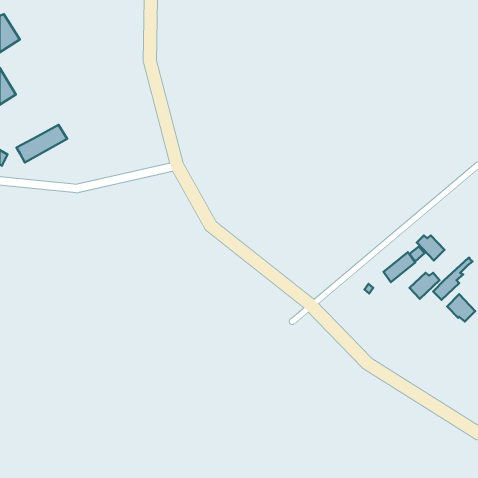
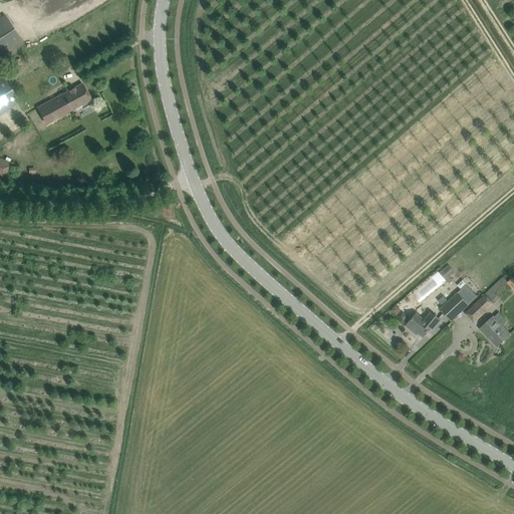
building: [16,125,67,162] -> [36,83,90,123]
building: [417,235,445,260] -> none
building: none -> [405,310,440,336]

